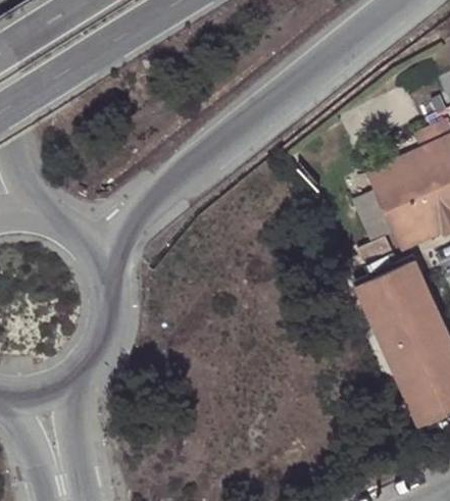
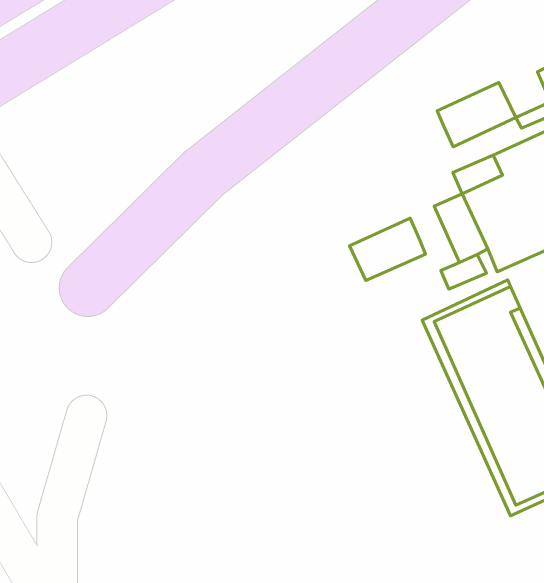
building: none -> [437,83,516,147]
building: none -> [349,218,426,280]

